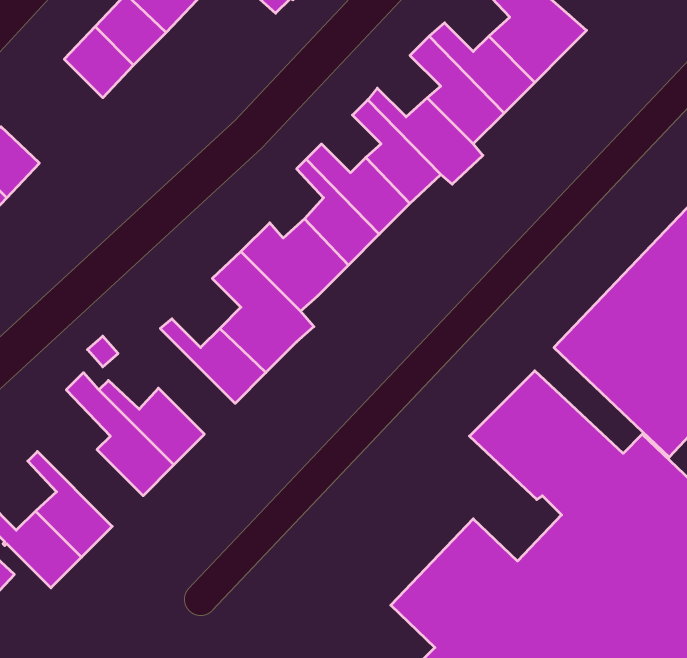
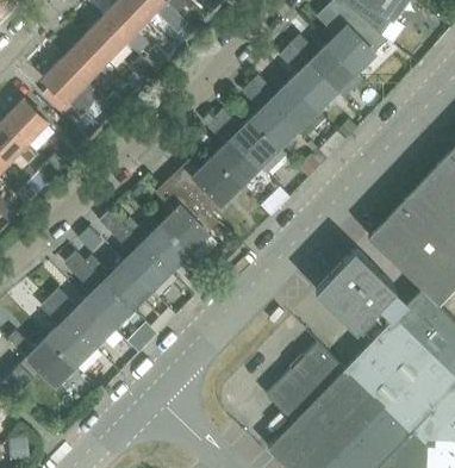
building: none -> [44,58,88,102]
building: none -> [102,214,170,291]
building: none -> [48,295,113,348]

